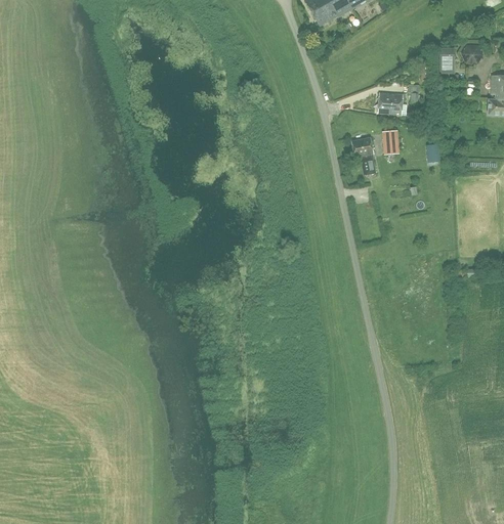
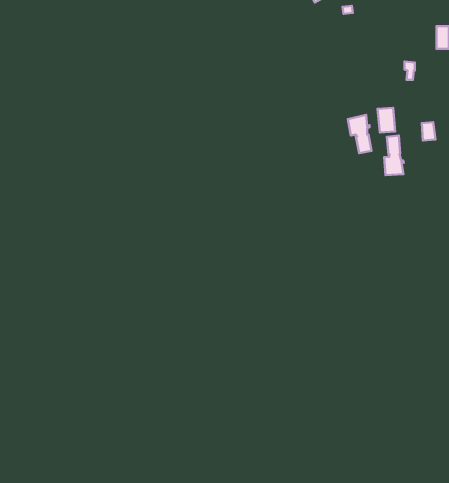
building: [377,91,406,114] -> none
building: none -> [384,136,404,175]

